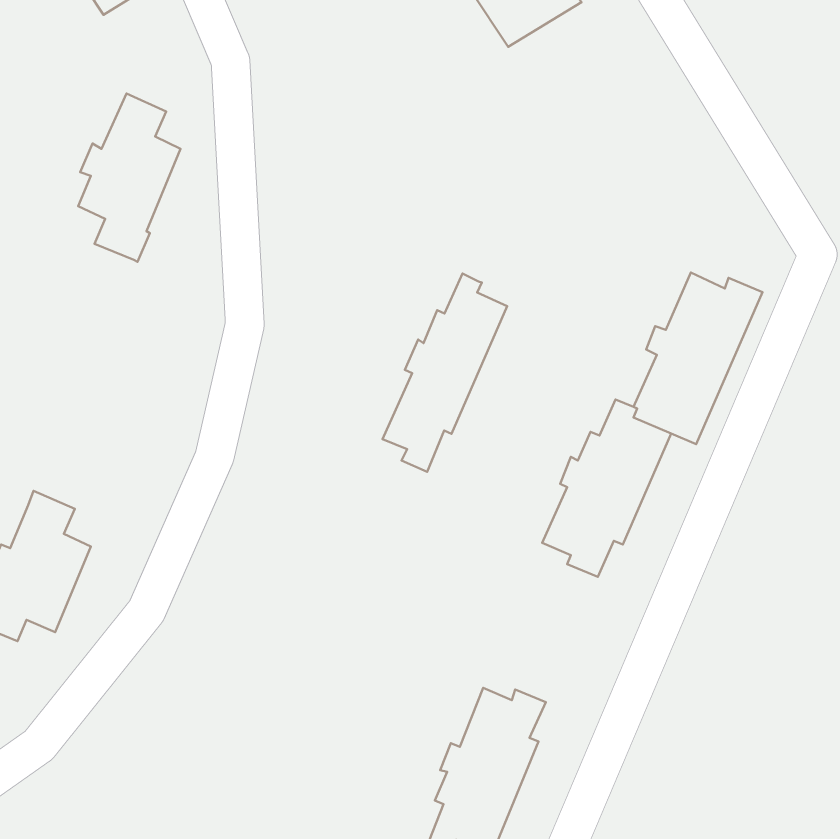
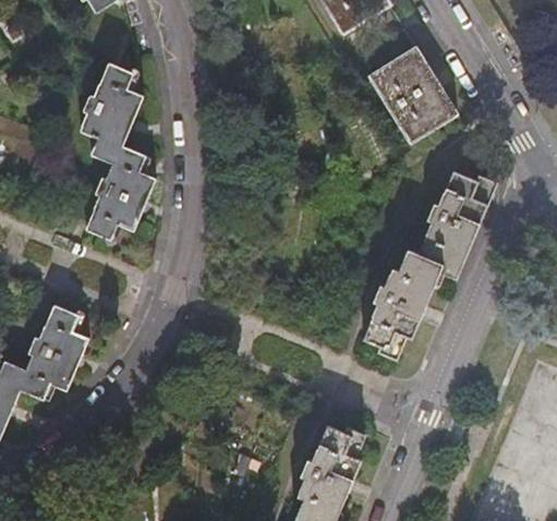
building: none -> [370,49,455,143]
building: none -> [87,147,156,239]
building: [382,273,507,472] -> none

